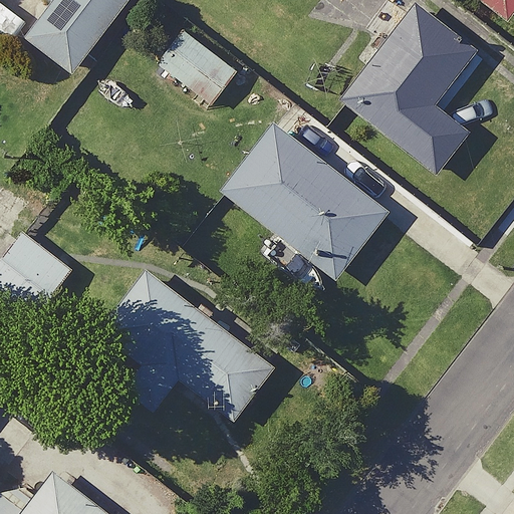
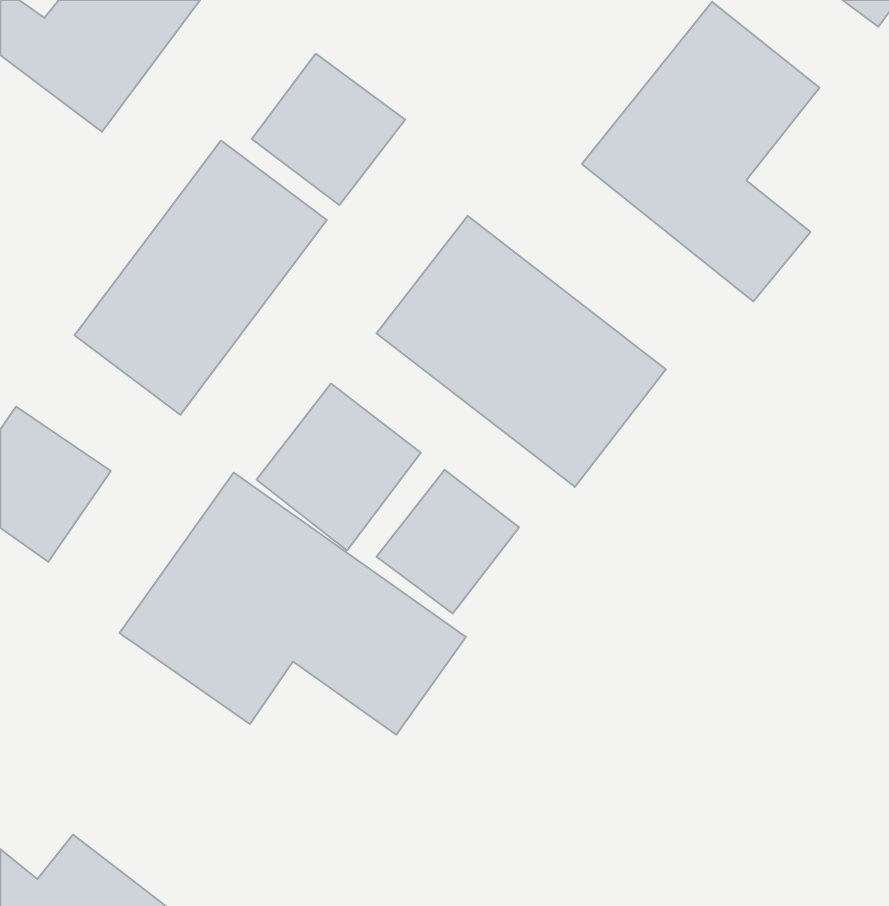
building: none -> [75,141,327,415]
building: none -> [257,384,421,550]
building: none -> [377,470,519,614]

